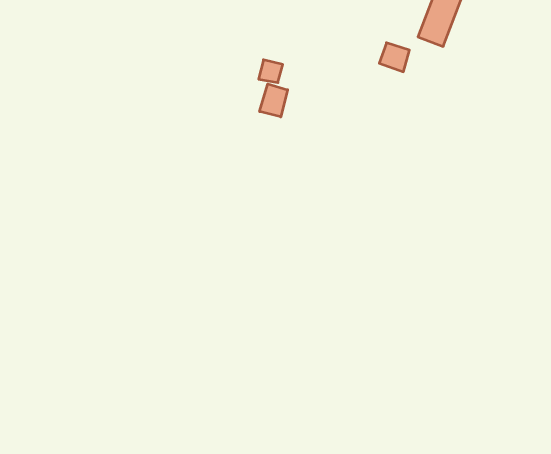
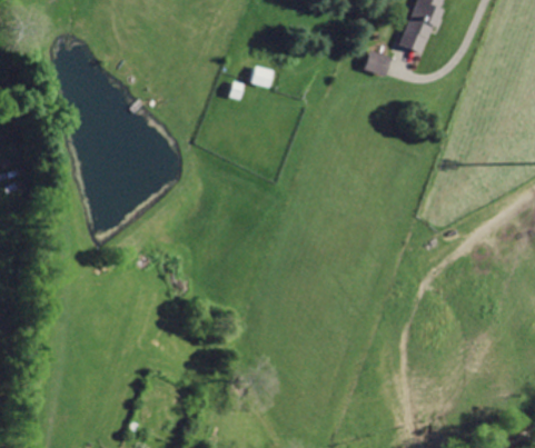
building: [260,84,288,117] -> none

